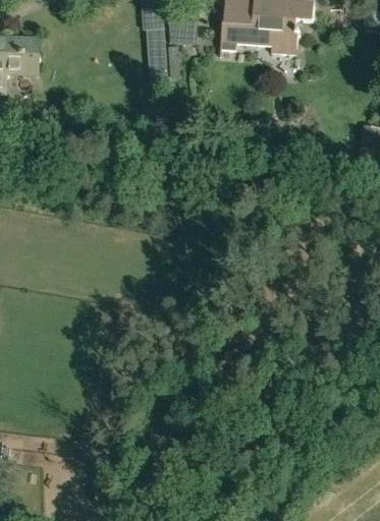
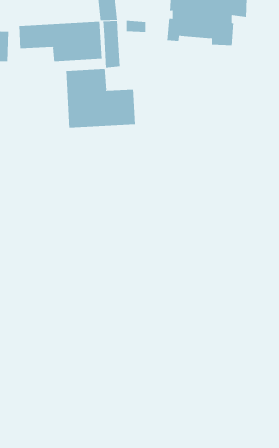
building: none -> [19,21,102,62]
building: none -> [66,68,135,128]

